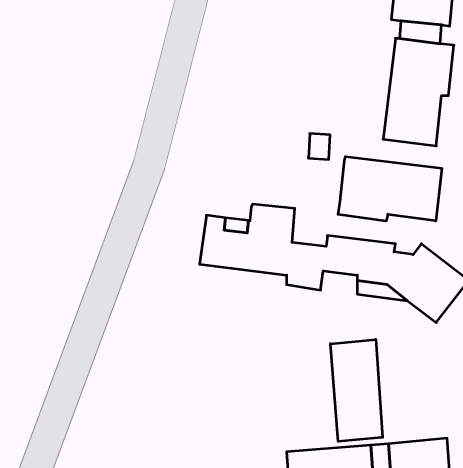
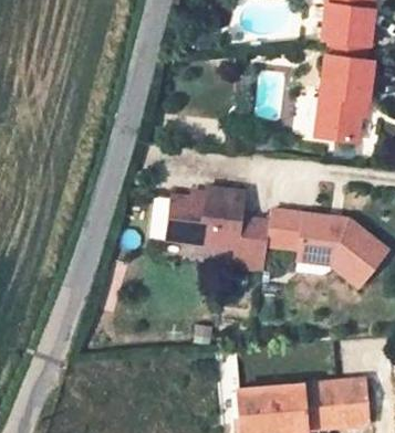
building: [338,157,442,221] -> none
building: [330,339,383,441] -> none

